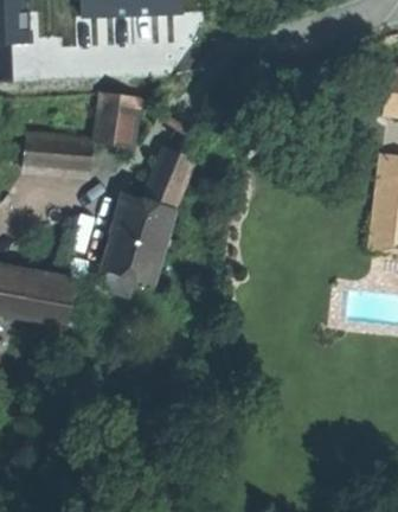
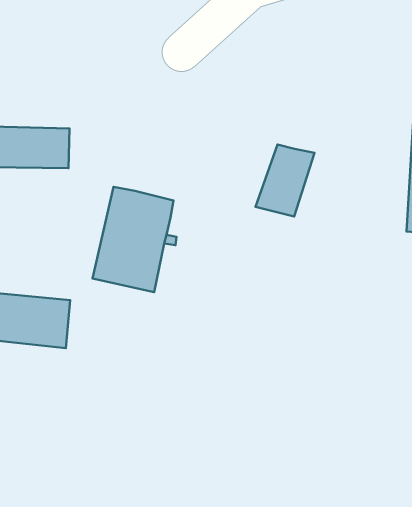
building: [91,92,139,147] -> none
building: [142,147,195,209] -> [256,145,315,216]

